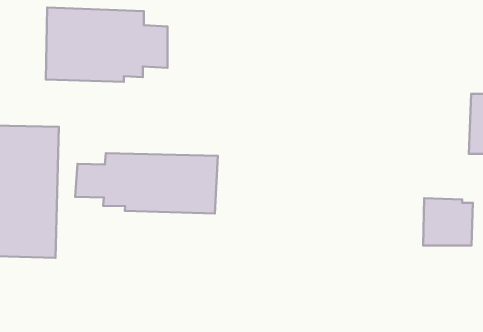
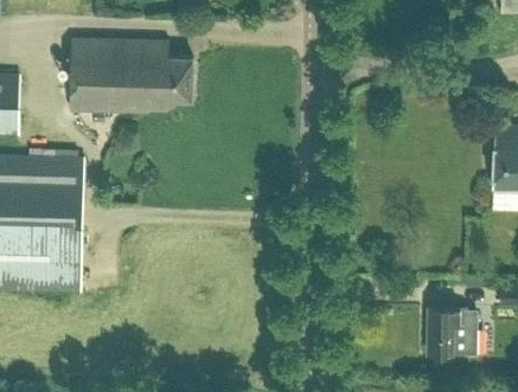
building: [75,153,218,213] -> none
building: [423,198,473,245] -> [427,307,477,354]

